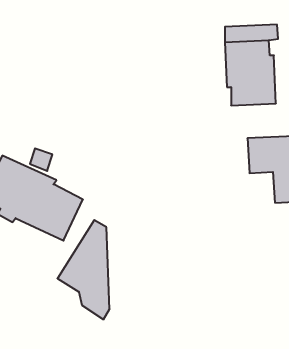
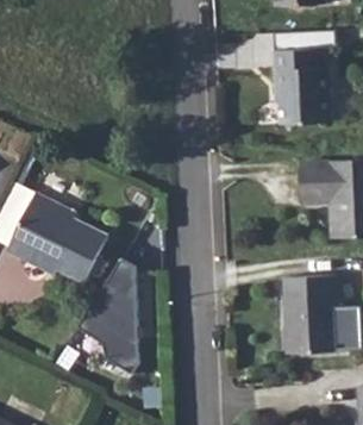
building: none -> [283,275,338,354]

